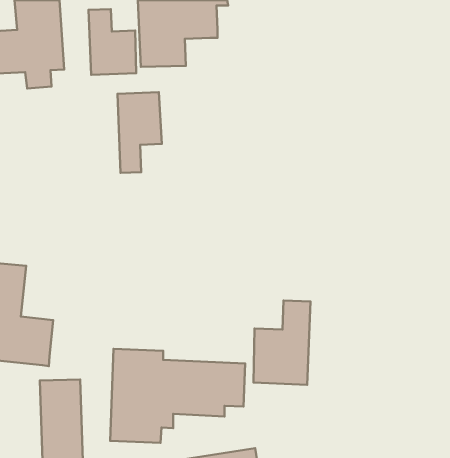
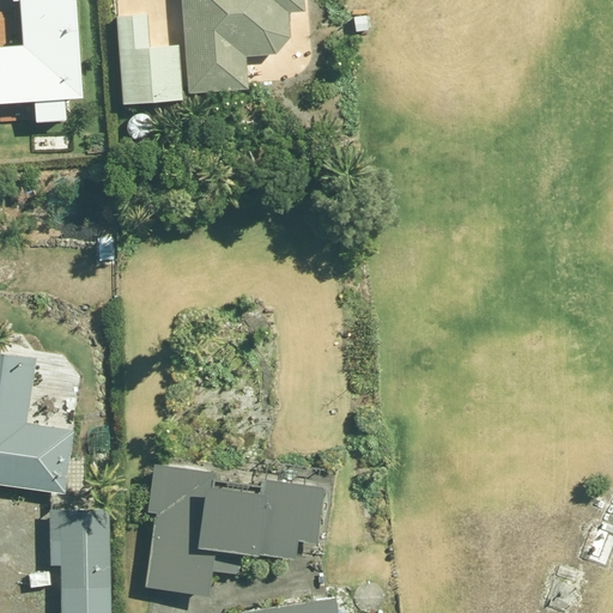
building: [118,92,162,173] -> none
building: [253,301,310,385] -> none

